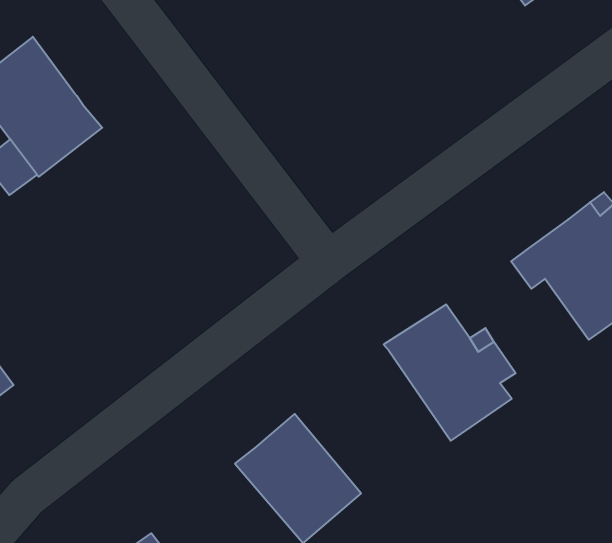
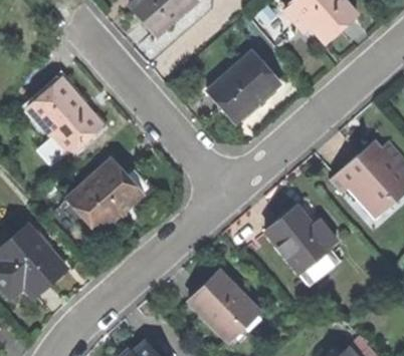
building: none -> [205,50,279,121]
building: none -> [66,158,142,233]

